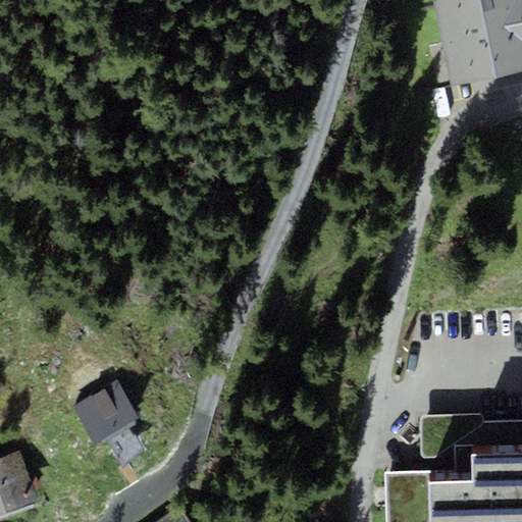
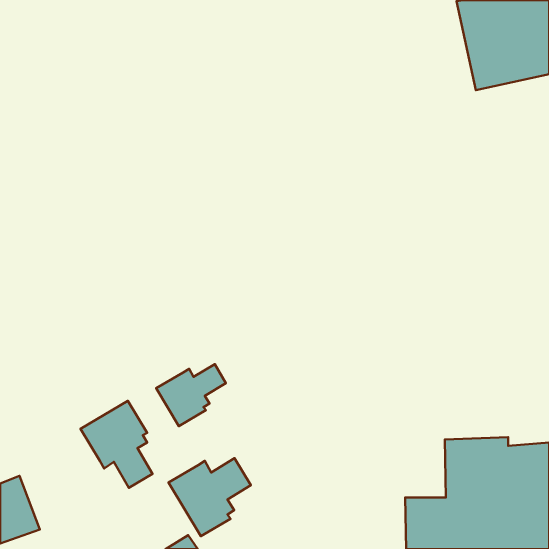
building: none -> [156,364,226,426]
building: none -> [169,458,251,536]

